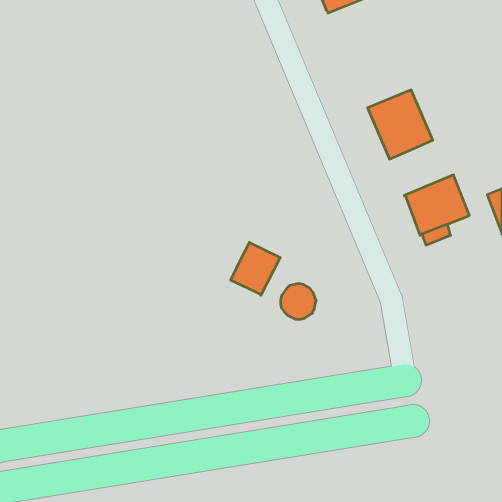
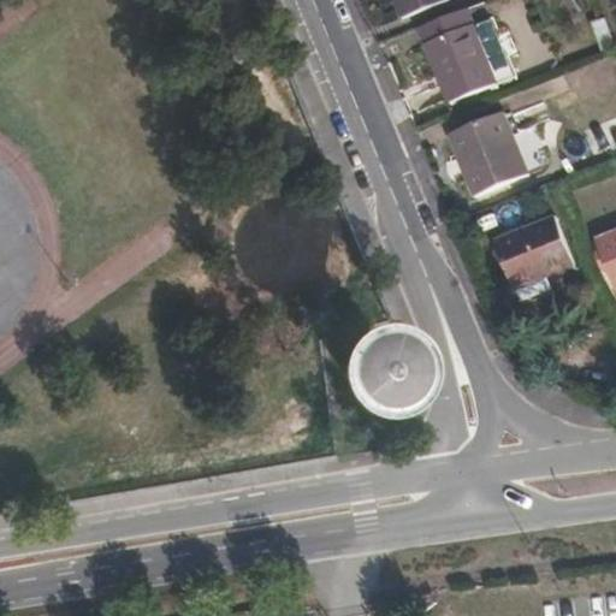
building: none -> [416,6,511,101]
building: [231,242,280,295] -> none

